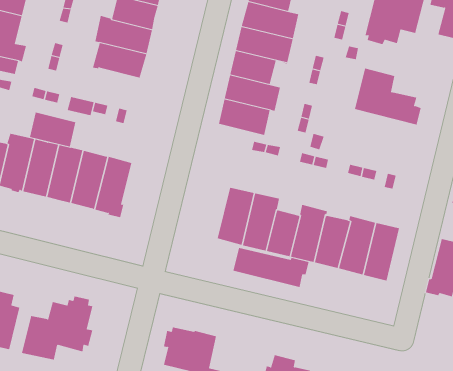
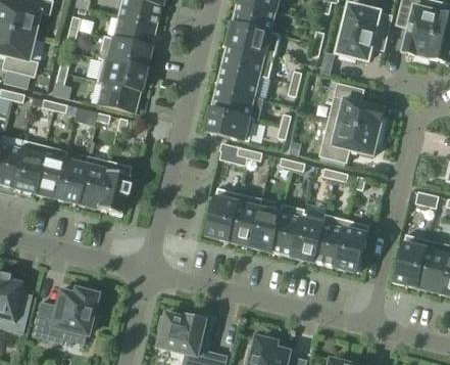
building: none -> [320,119,385,163]
building: [29,112,76,147] -> [96,82,138,113]
building: [233,247,309,288] -> none

